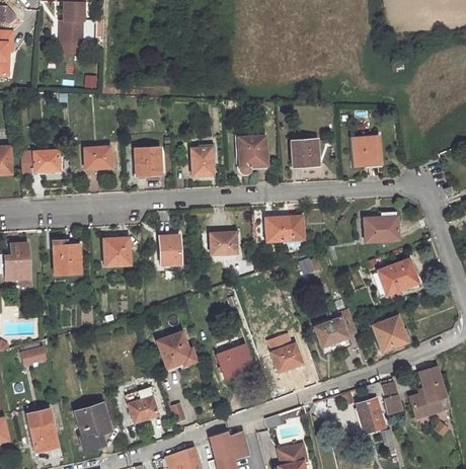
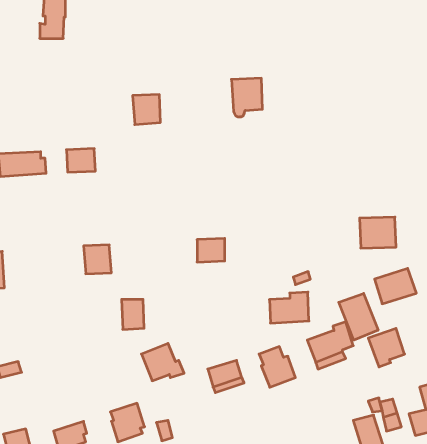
building: [239,135,268,171] -> [231,78,262,117]
building: [354,138,382,166] -> none
building: [293,140,321,166] -> none
building: [135,147,161,175] -> [133,95,160,125]
building: [193,147,215,175] -> none
building: [265,211,303,240] -> [269,292,309,323]
building: [159,235,180,263] -> [122,299,144,329]
building: [53,243,80,273] -> none
building: none -> [339,293,378,340]

